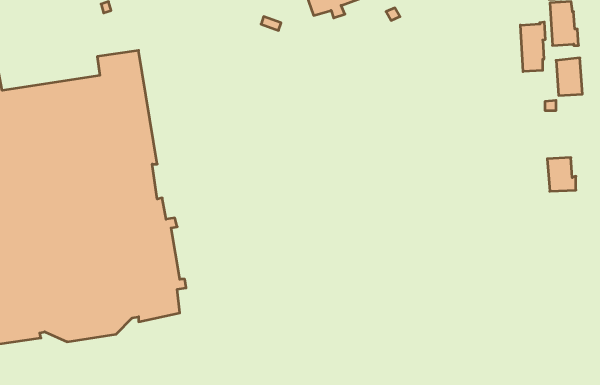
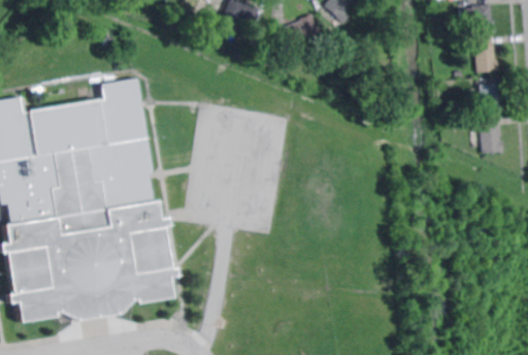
building: [520,22,545,72] -> none
building: [547,158,576,191] -> [481,125,504,153]

